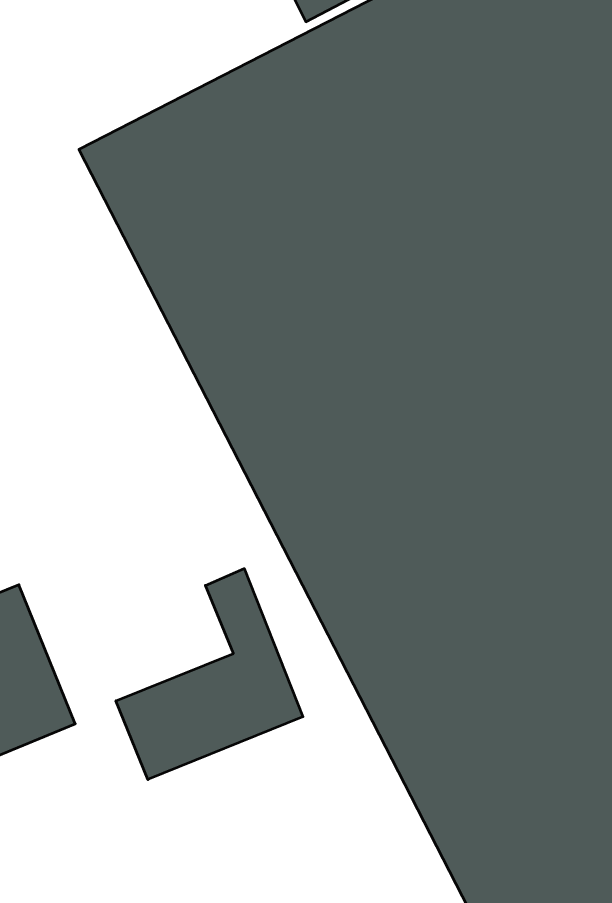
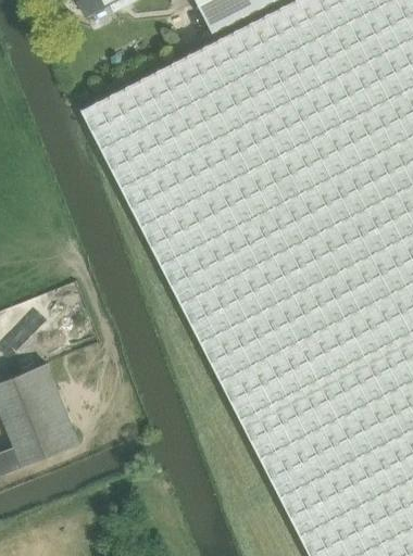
building: [116,569,303,780] -> none

